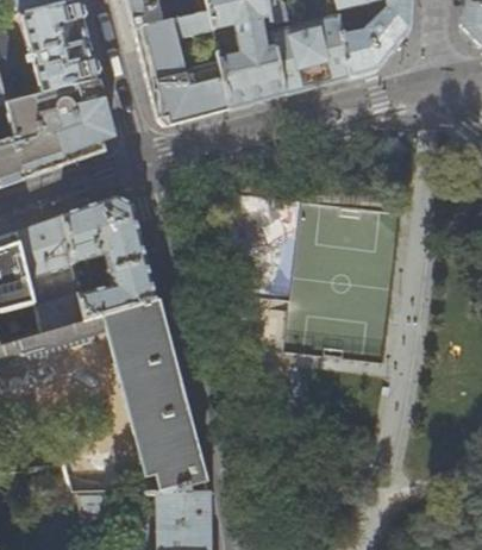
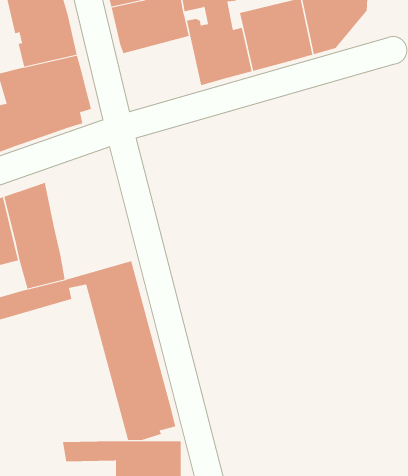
building: [148,56,231,130] -> none
building: [64,195,157,318] -> none

